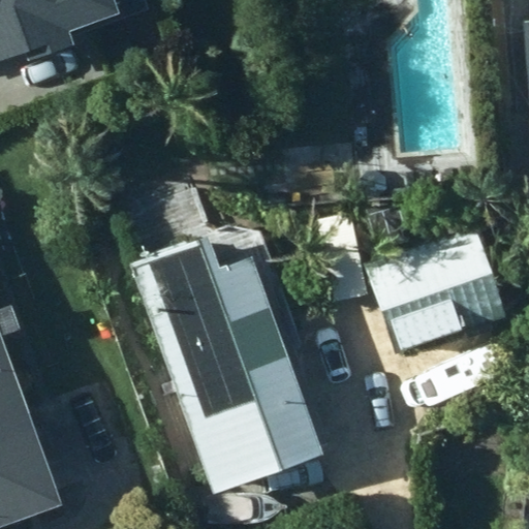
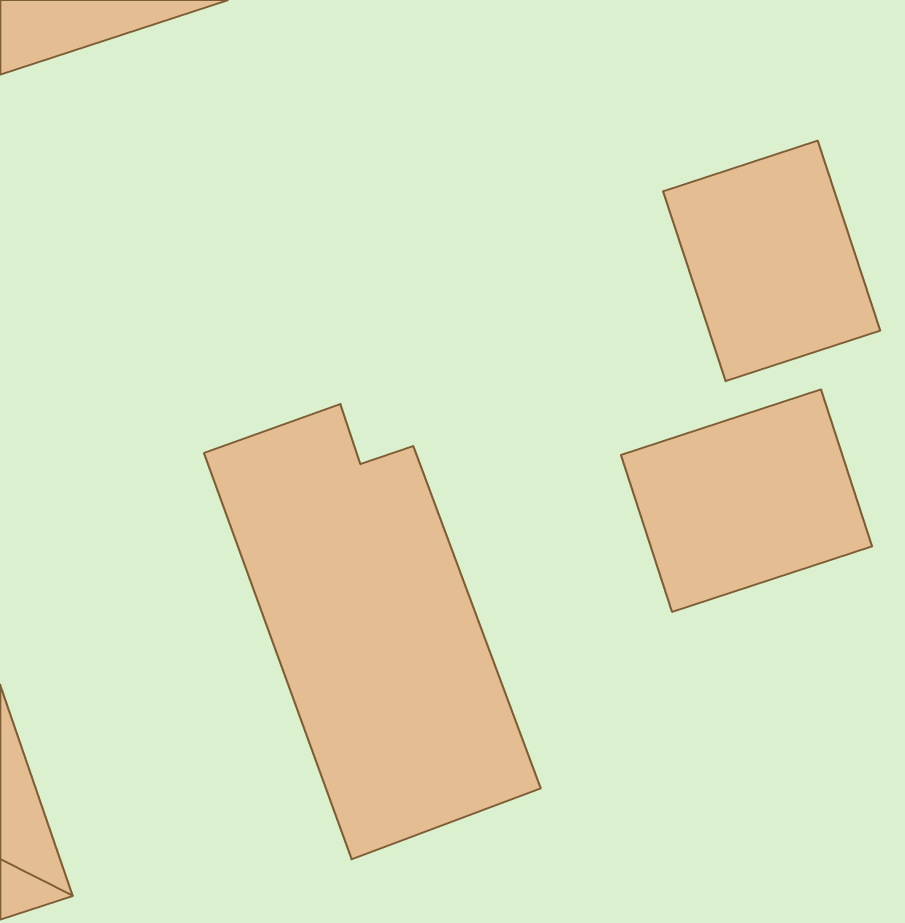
building: none -> [663,141,880,381]

